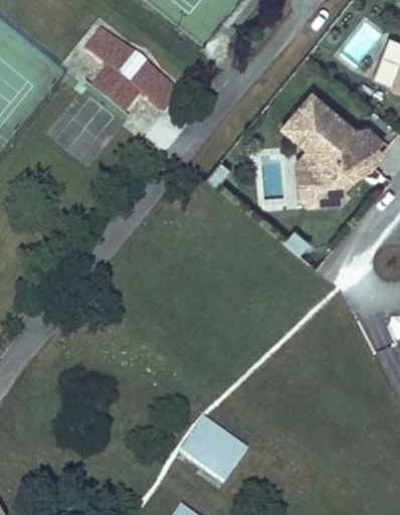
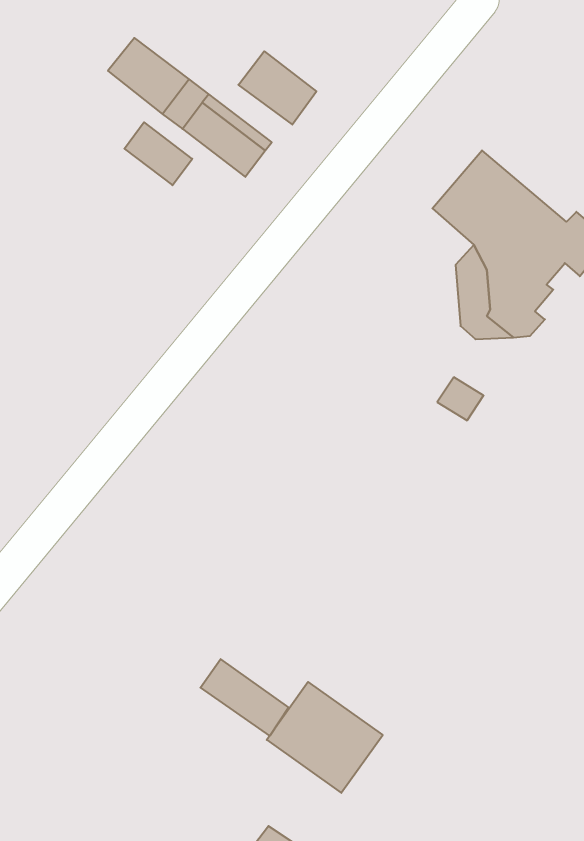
building: none -> [238,51,316,125]
building: none -> [200,659,288,736]

